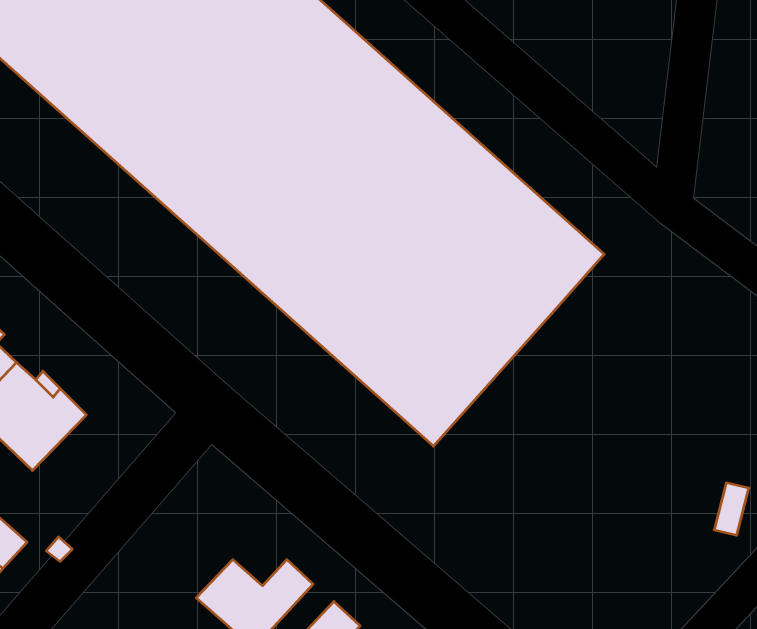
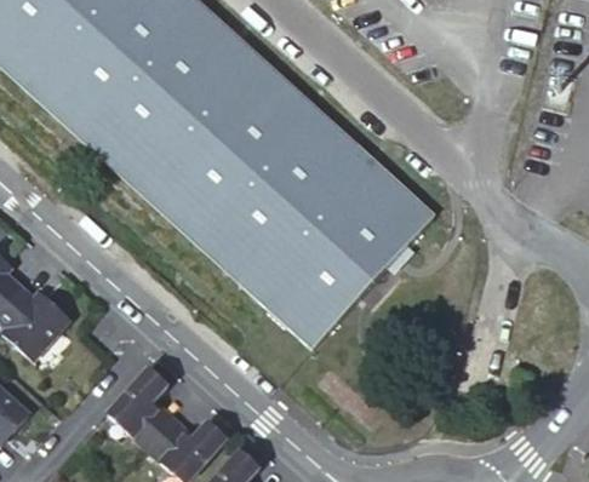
building: none -> [108,369,172,449]

